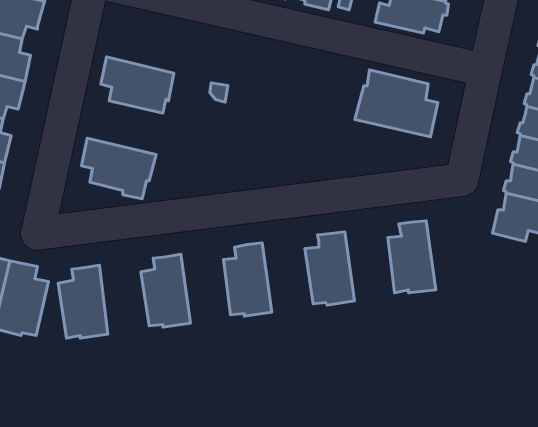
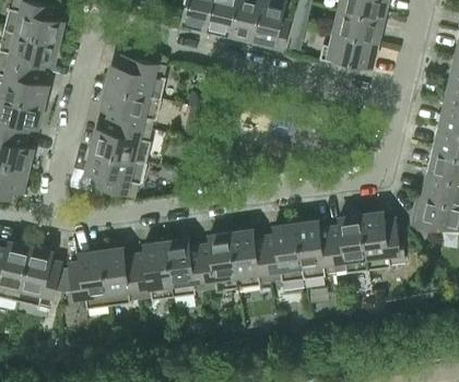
building: none -> [107,55,167,97]
building: [355,70,438,137] -> none
building: none -> [92,119,152,162]
building: none -> [361,211,405,268]
building: none -> [296,219,336,277]
building: none -> [231,228,271,286]
building: none -> [166,237,205,295]
building: none -> [102,247,141,303]

